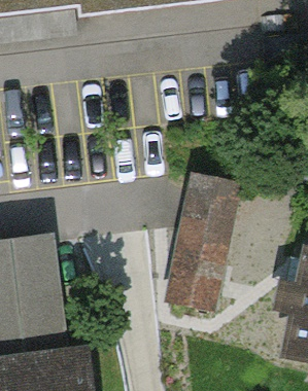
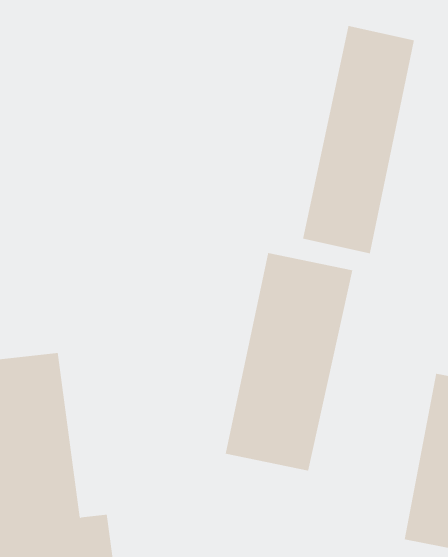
building: none -> [303,25,414,254]

